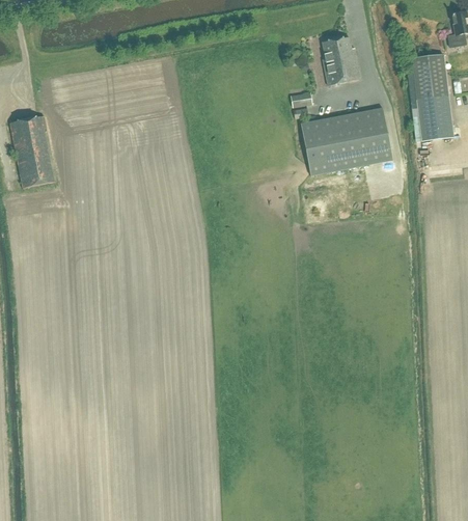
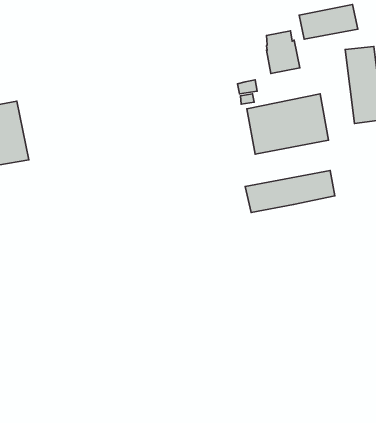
building: none -> [299,4,358,39]
building: none -> [245,170,335,212]

